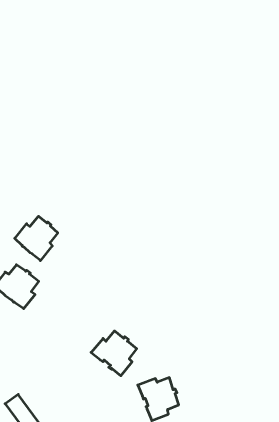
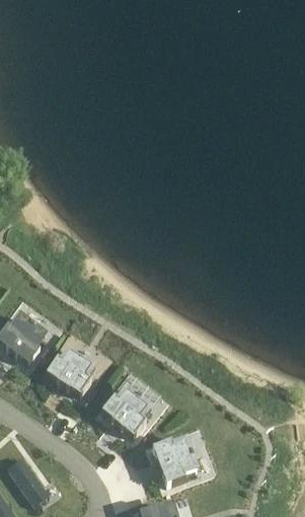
building: [15,216,58,261] -> none
building: none -> [46,348,94,396]

